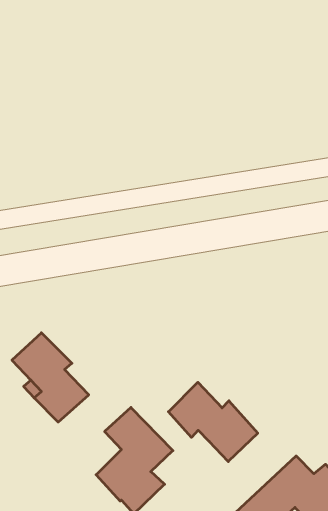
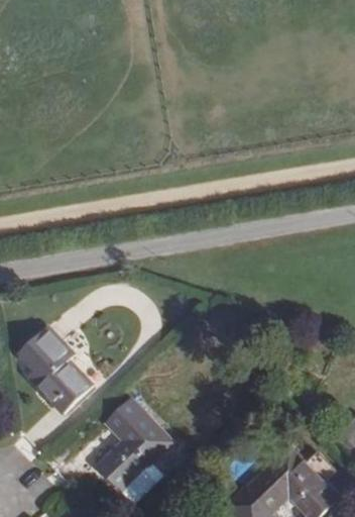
building: [168,382,258,462] -> none

